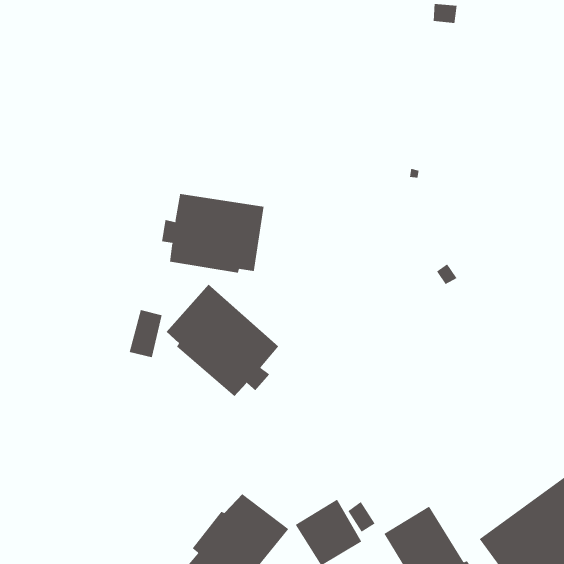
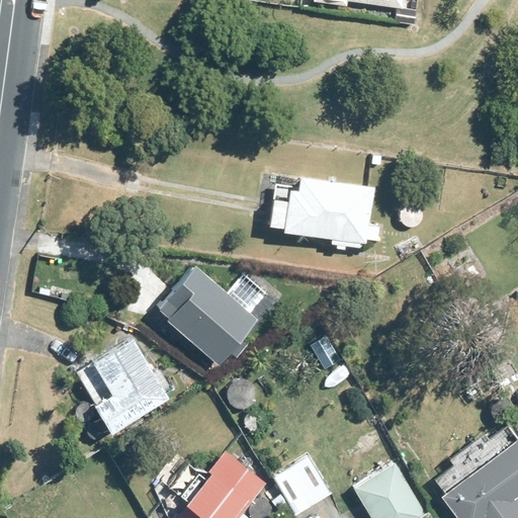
building: none -> [270,176,381,252]
building: [161,193,264,274] -> none
building: none -> [76,338,169,434]

